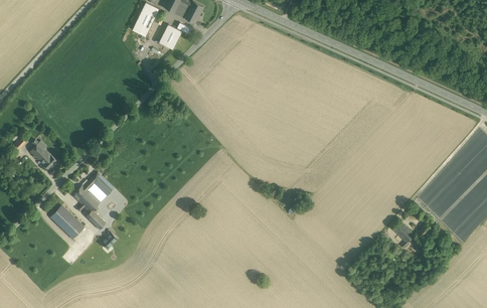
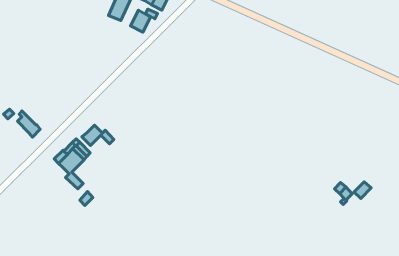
building: none -> [82,125,114,146]
building: [49,205,83,239] -> none

